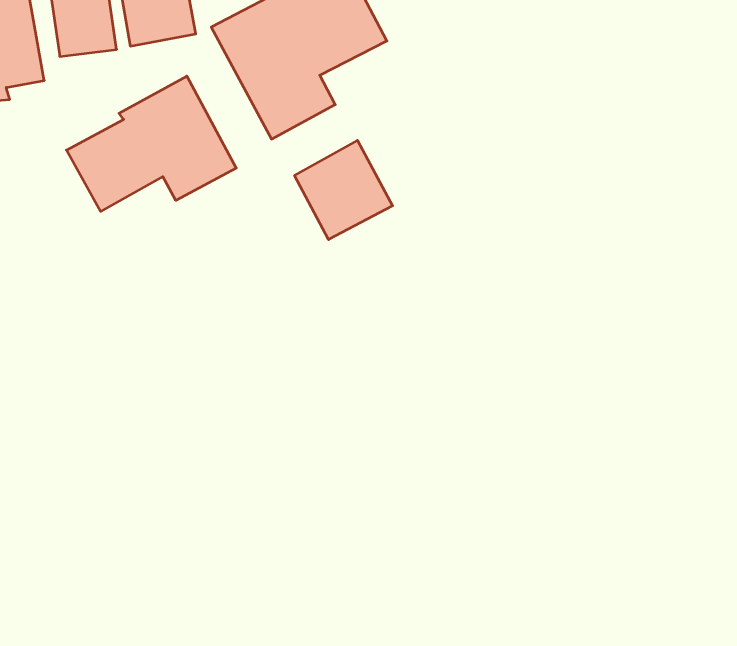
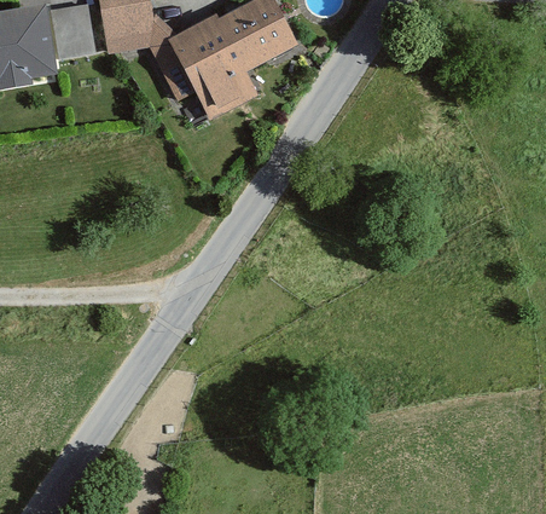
building: [66,76,236,211] -> none
building: [295,140,393,240] -> none

